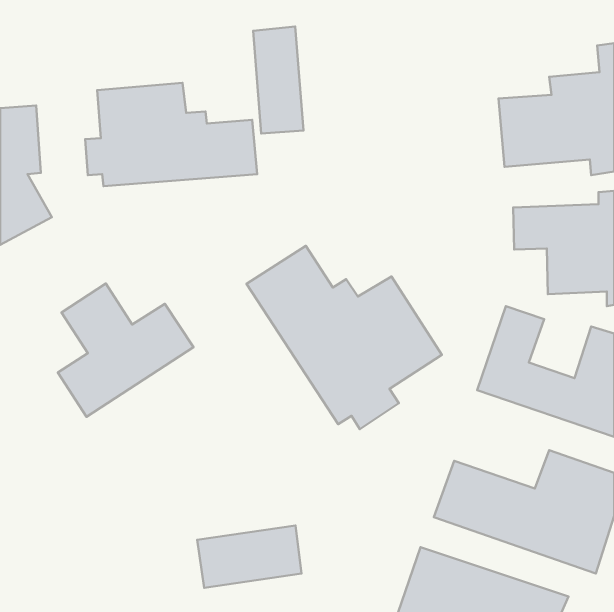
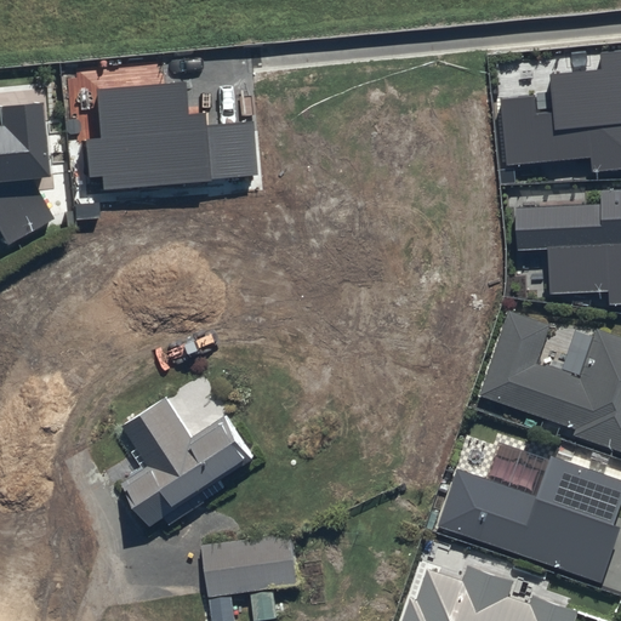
building: [253,27,303,134] -> none
building: [246,246,442,429] -> none
building: [58,284,194,417] -> [121,392,258,526]

